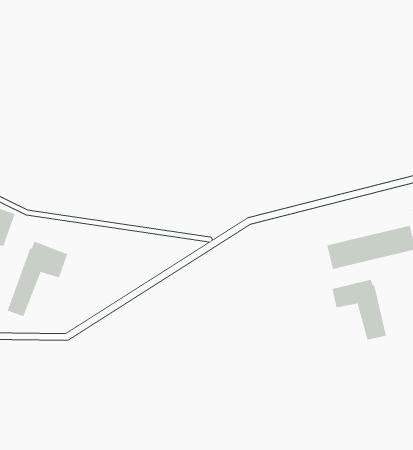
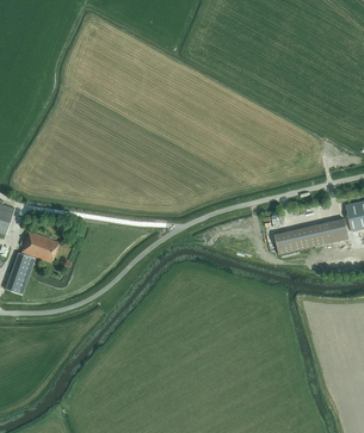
building: [332,279,387,340] -> none

